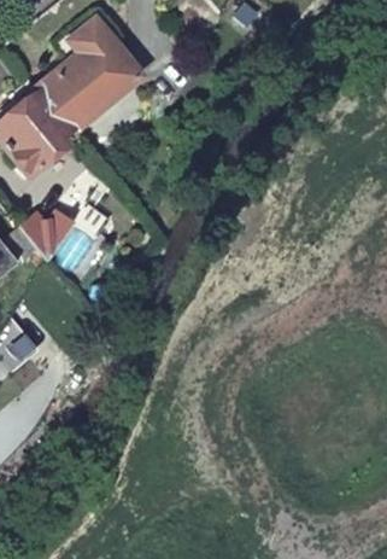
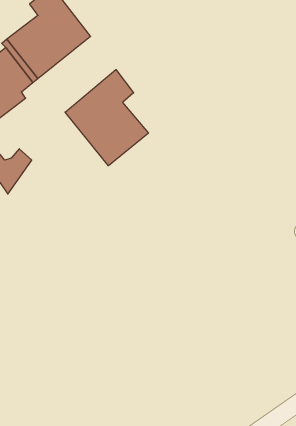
building: none -> [65,70,148,166]

